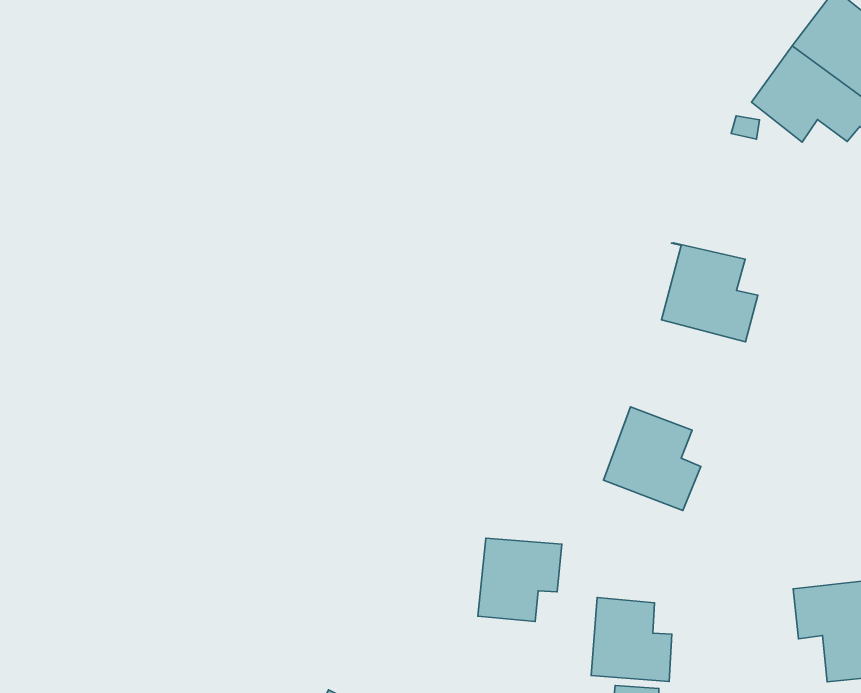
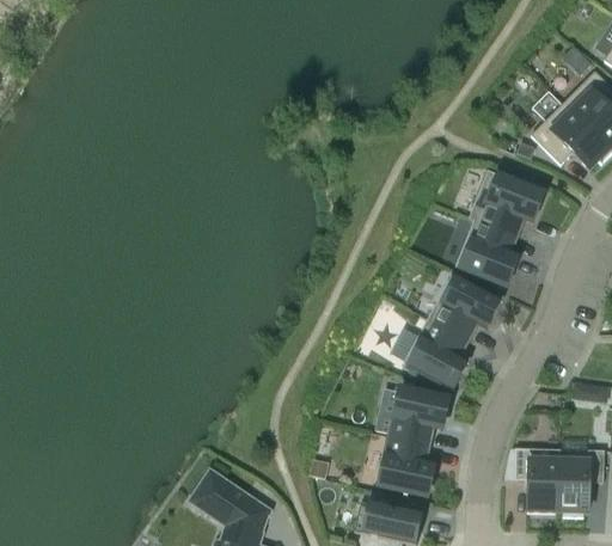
building: none -> [470,170,544,234]
building: none -> [428,274,501,338]
building: [478,538,562,621] -> [390,387,449,444]

